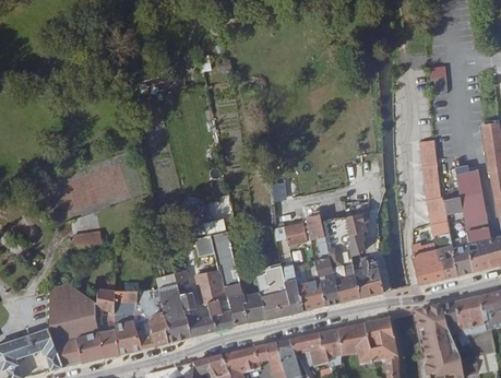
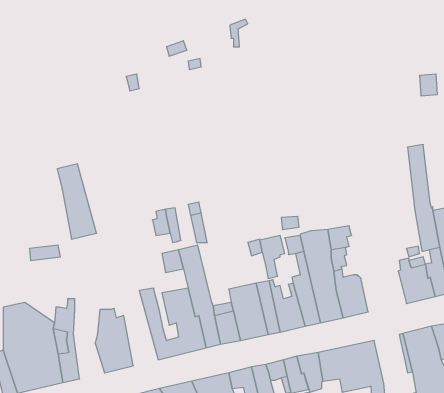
building: [155,272,191,341] -> [57,164,97,239]
building: [114,290,142,353] -> none

